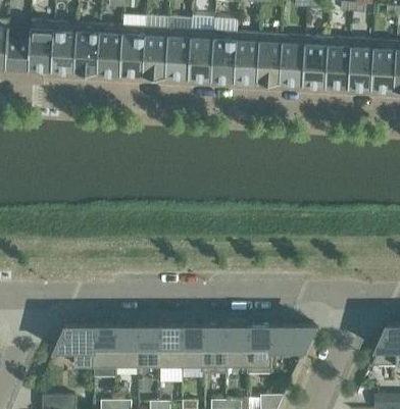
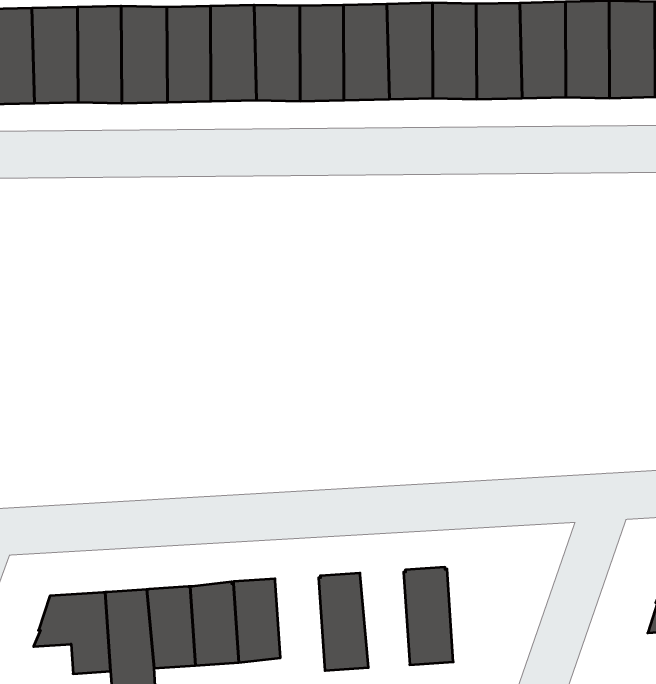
building: [182,326,204,375] -> none
building: [226,326,248,375] -> none
building: [270,326,314,375] -> none

